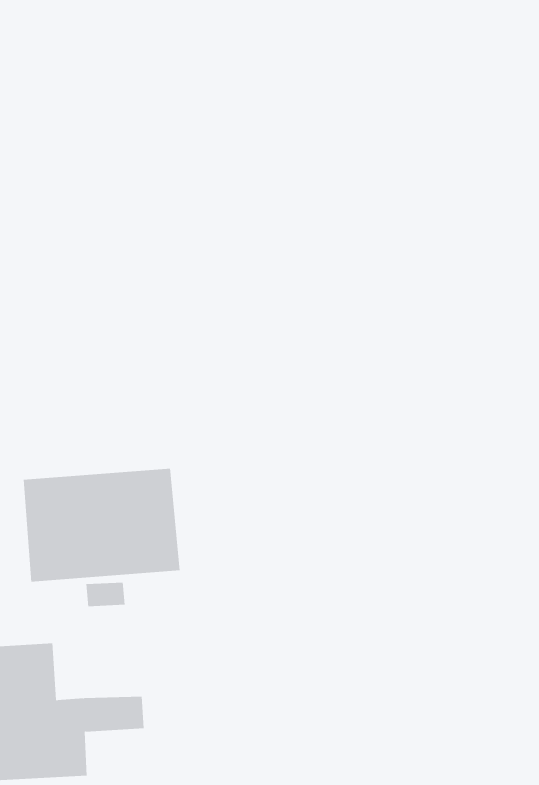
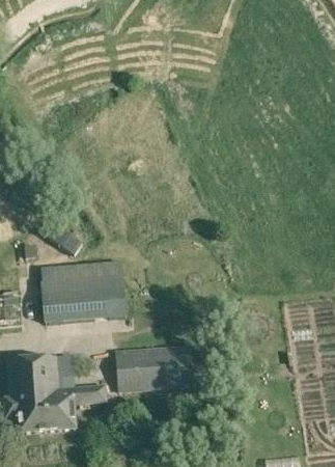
building: none -> [115,345,193,391]

